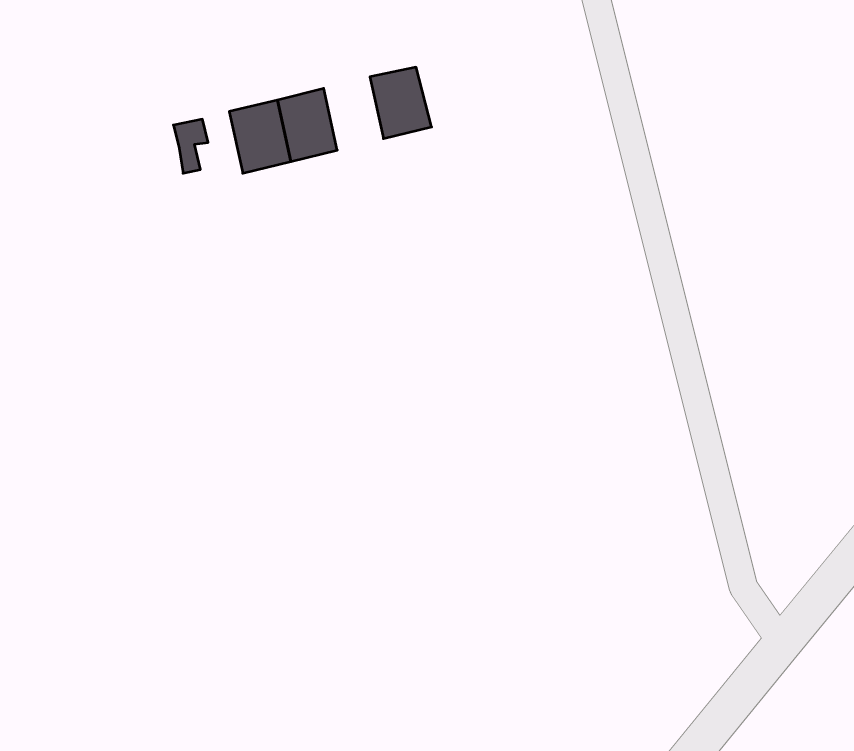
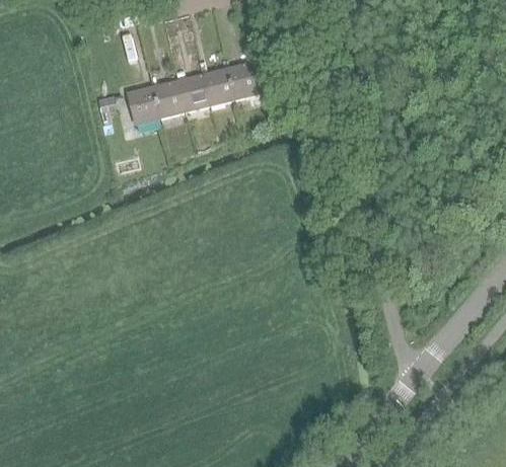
building: none -> [226,62,259,99]
building: none -> [177,73,209,111]

